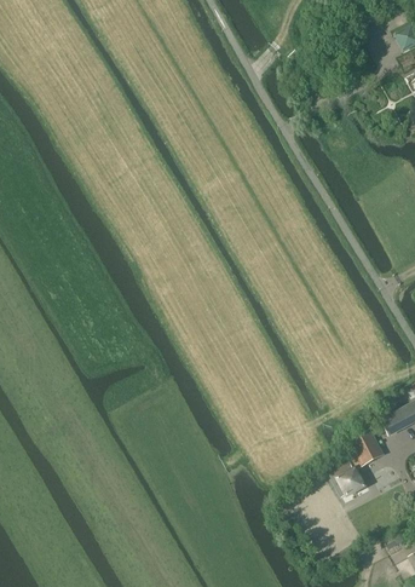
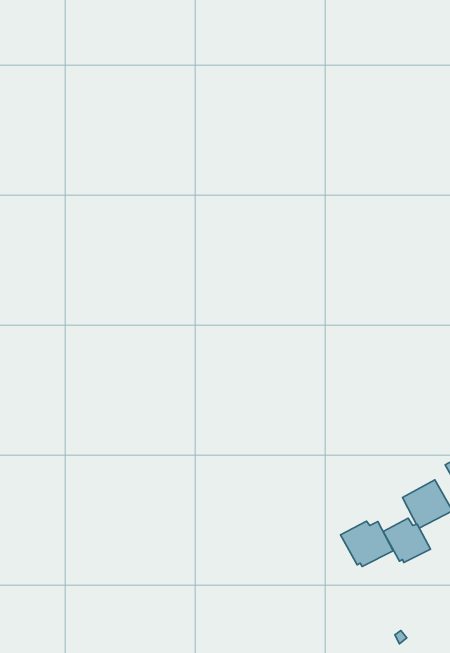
building: none -> [341,521,393,567]

